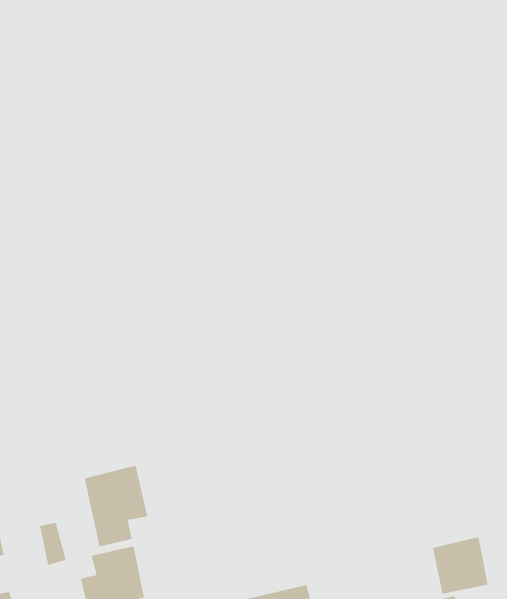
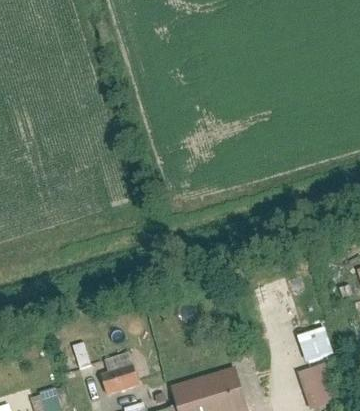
building: [84,465,148,547] -> none

